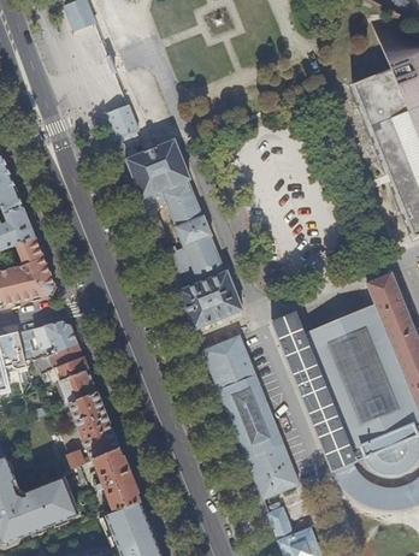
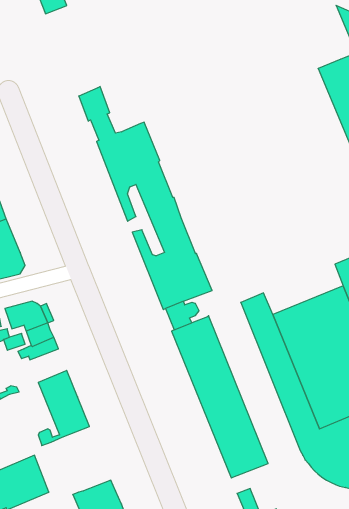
building: [57,368,96,404] -> none
building: [92,446,141,511] -> none

